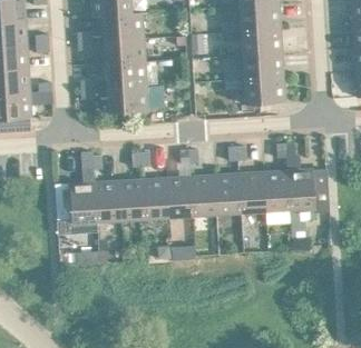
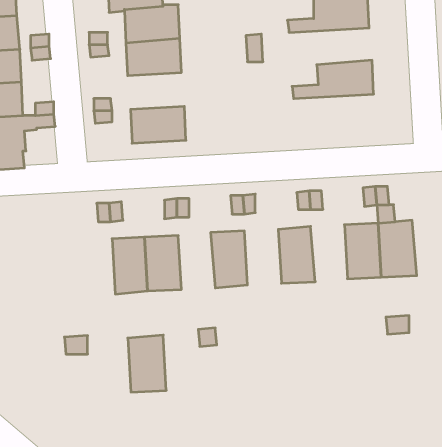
building: [223,29,283,56] -> none
building: [106,61,147,88] -> none
building: [226,77,285,105] -> none
building: [238,171,265,212] -> none
building: [191,175,217,215] -> none
building: [143,177,169,218] -> none
building: [69,181,97,222] -> [128,335,166,392]

